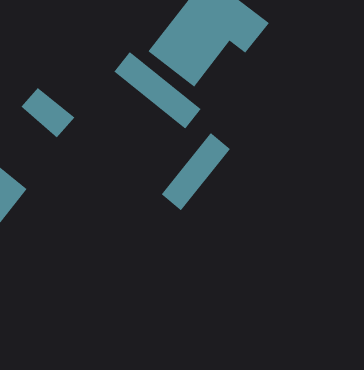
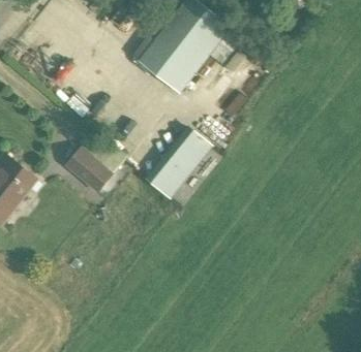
building: [114,51,201,130] -> none
building: [21,87,75,138] -> [65,148,112,191]

